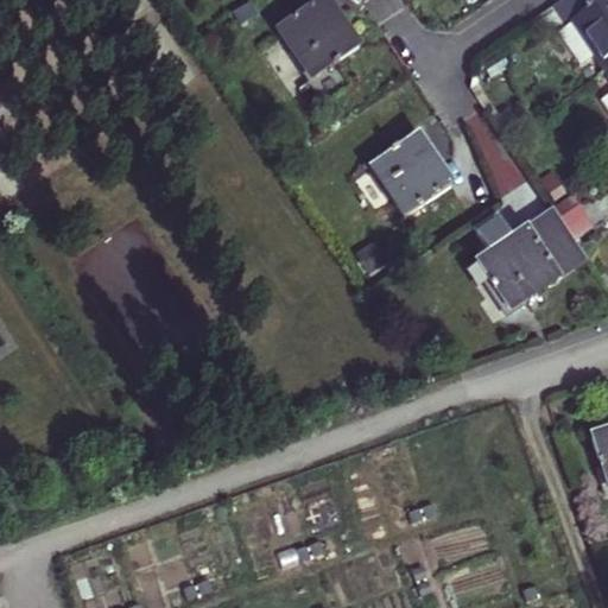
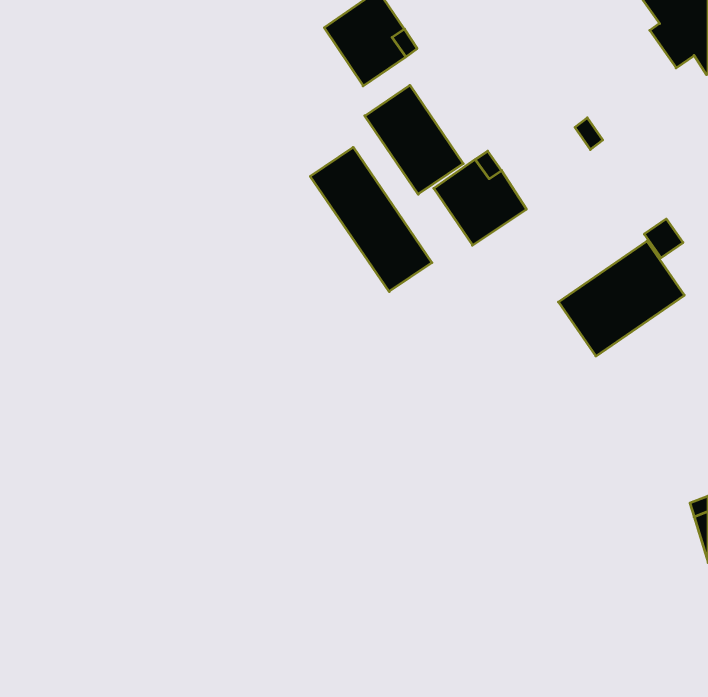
building: none -> [365,85,463,194]
building: none -> [310,147,432,292]

